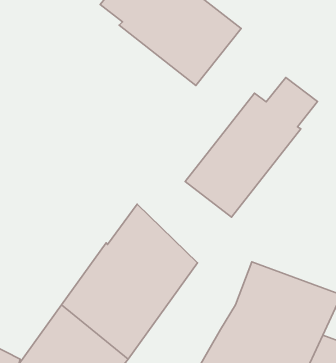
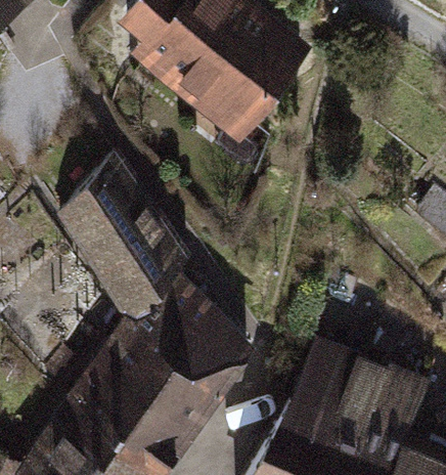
building: [185,77,318,217] -> none
building: none -> [58,156,186,326]

